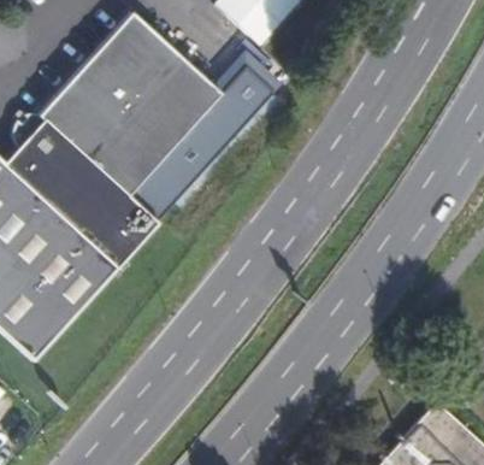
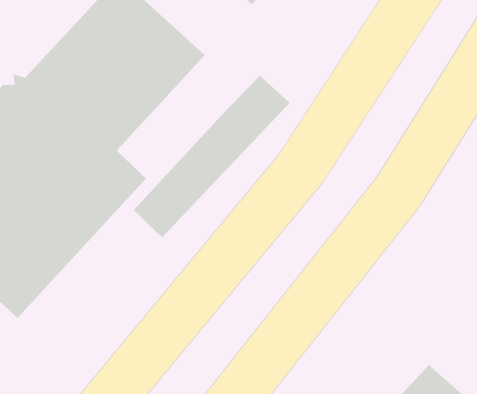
building: [129,57,284,218] -> [133,75,290,238]

